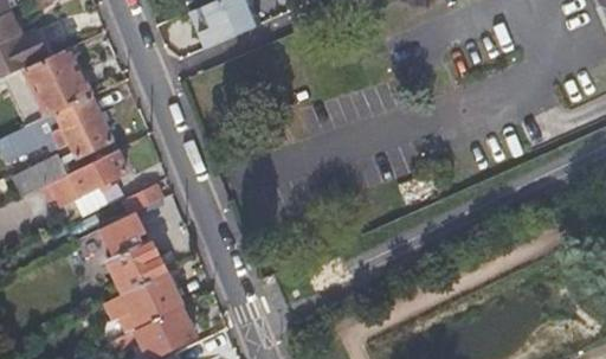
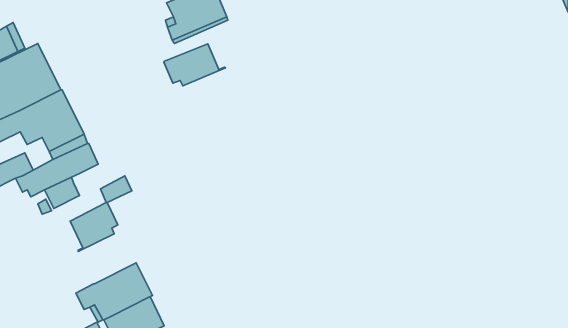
building: none -> [164,44,225,86]
building: [105,238,165,293] -> none

